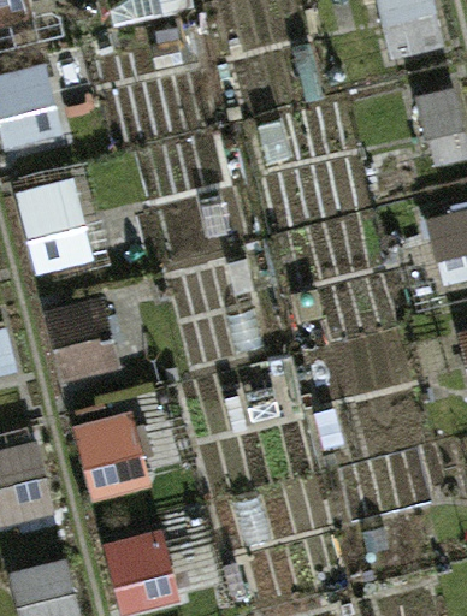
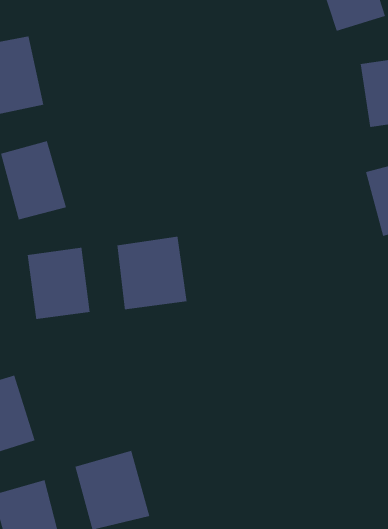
building: none -> [117,236,187,310]
building: [71,410,149,498] -> none

